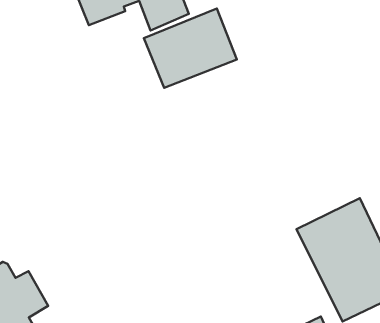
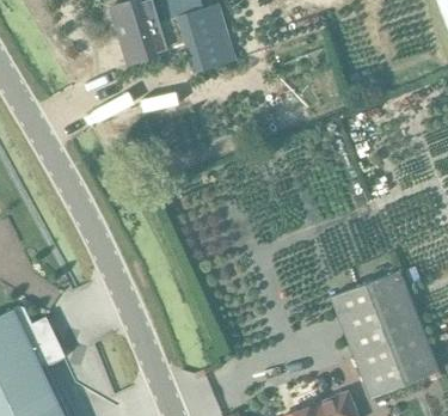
building: [144,9,237,88] -> none

